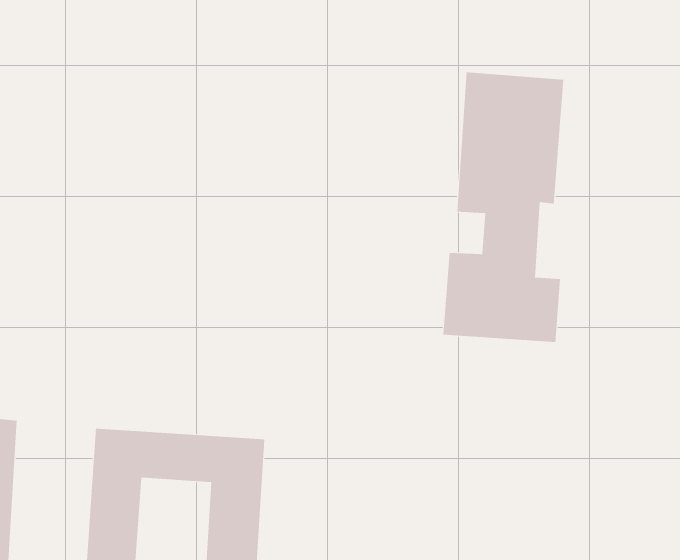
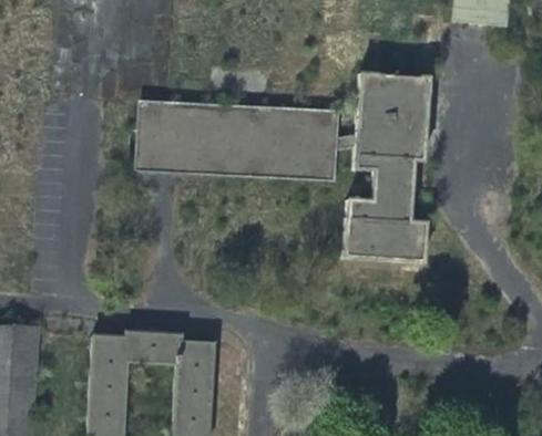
building: none -> [136,97,338,179]

